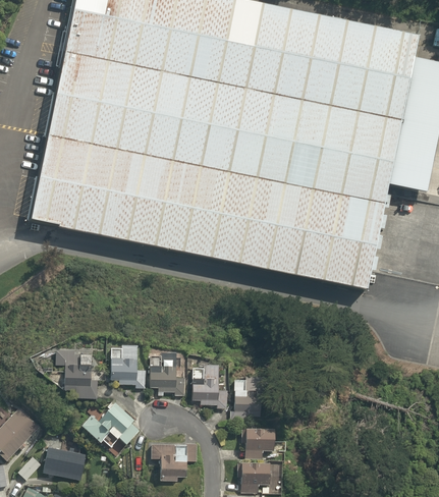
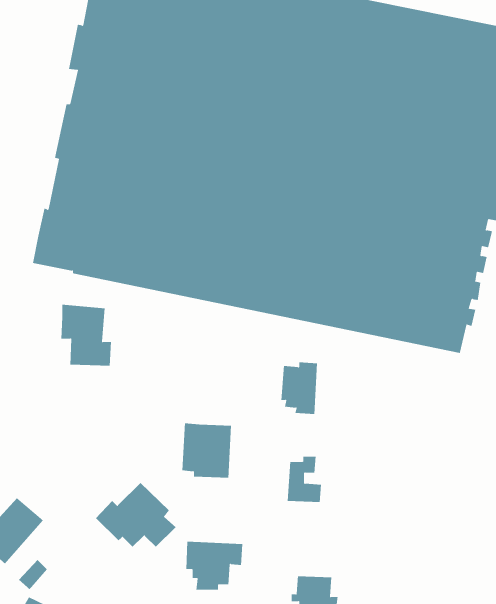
building: [108,341,146,385] -> none
building: [57,345,98,394] -> [60,304,112,366]
building: [188,360,218,401] -> [280,362,318,415]
building: [244,433,274,455] -> none
building: [43,445,85,477] -> none

